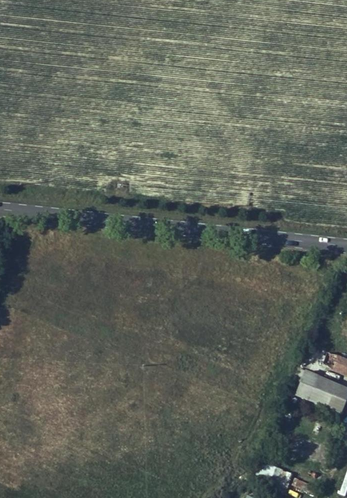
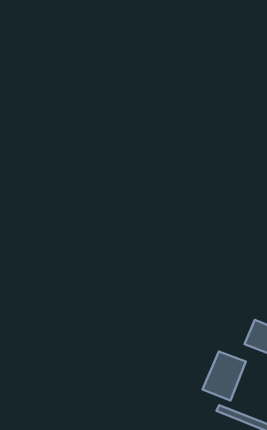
building: none -> [202,351,246,400]

